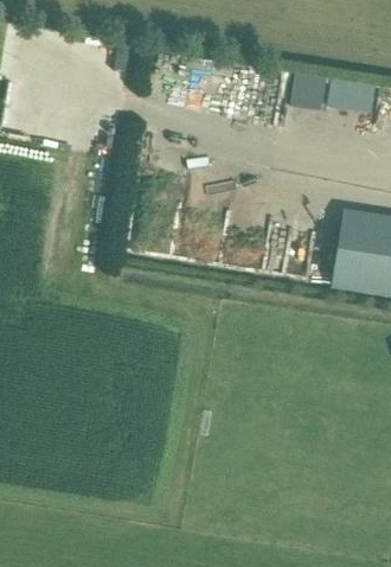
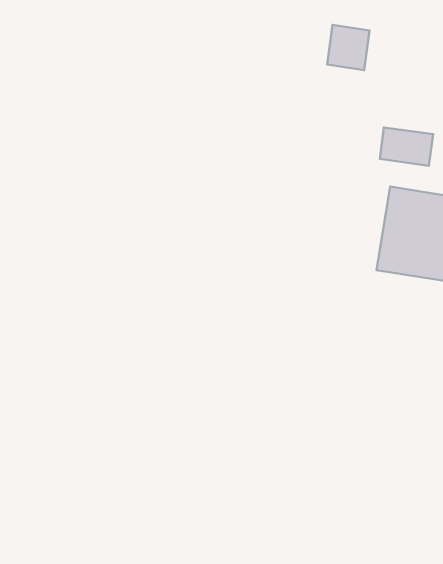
building: [328,78,374,112] -> [380,127,433,166]

